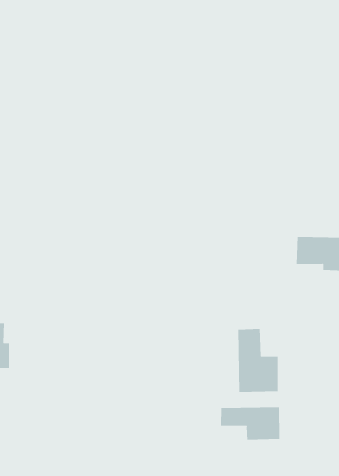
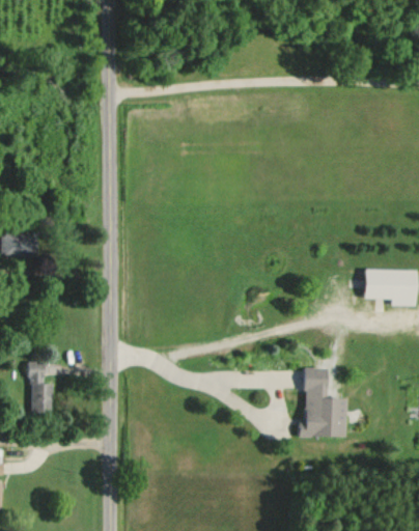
building: [220,406,280,441] -> none

